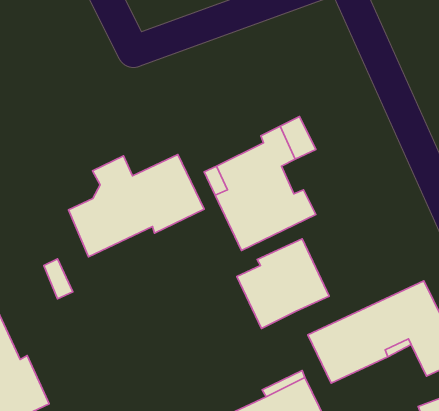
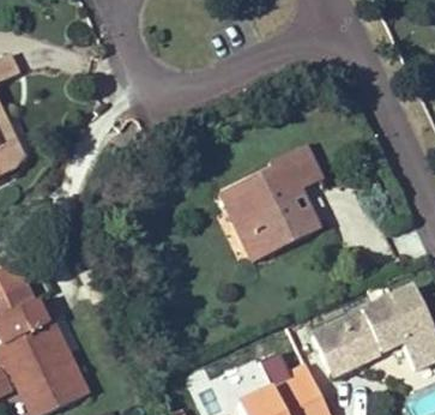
building: [69,154,204,257] -> none
building: [237,239,329,328] -> none

